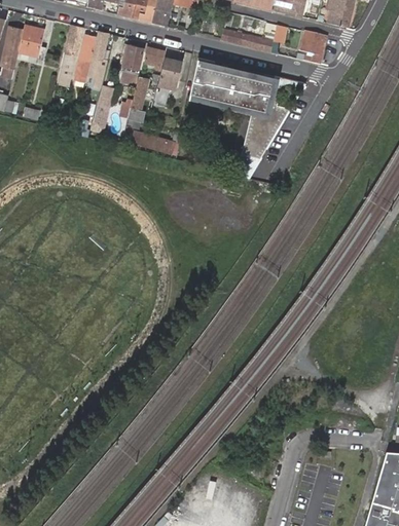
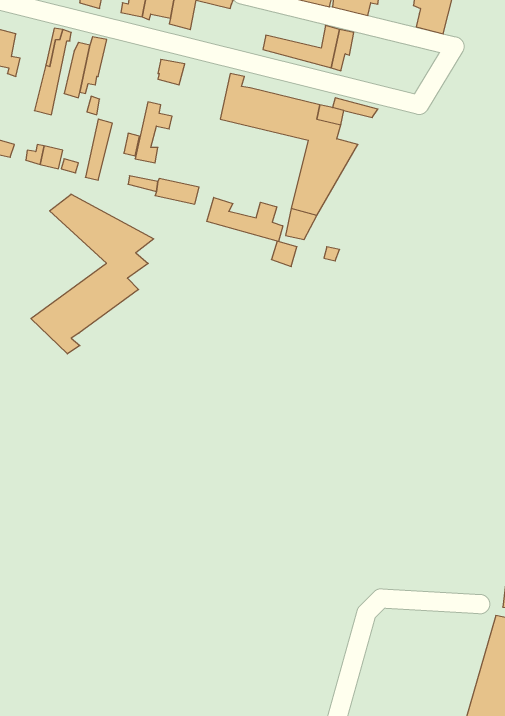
building: [293,31,325,65] -> none
building: [118,44,143,83] -> none
building: [153,58,181,105] -> none
building: none -> [31,194,154,354]
building: none -> [207,197,283,241]

